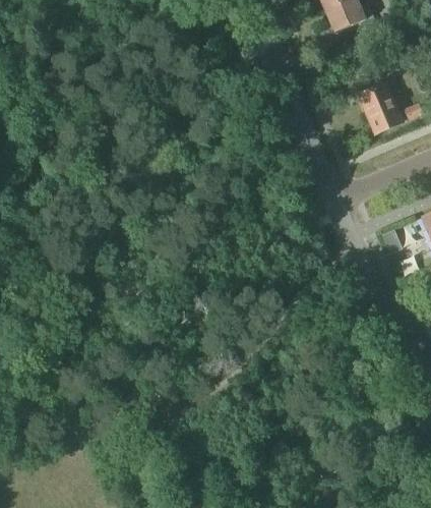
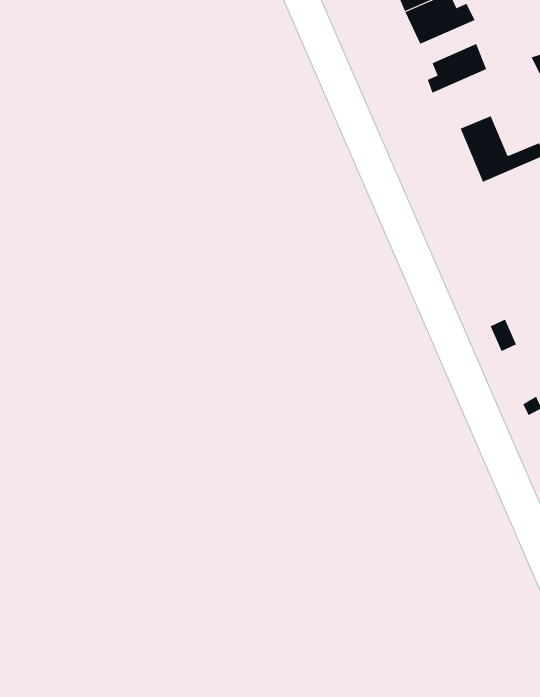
building: none -> [427,43,487,93]

